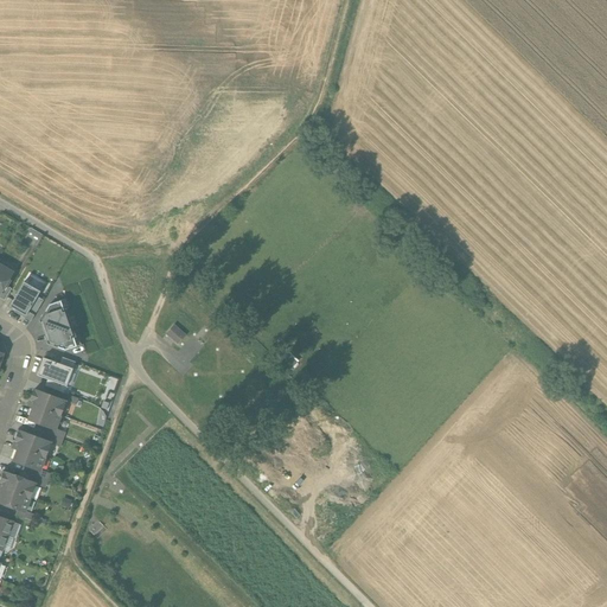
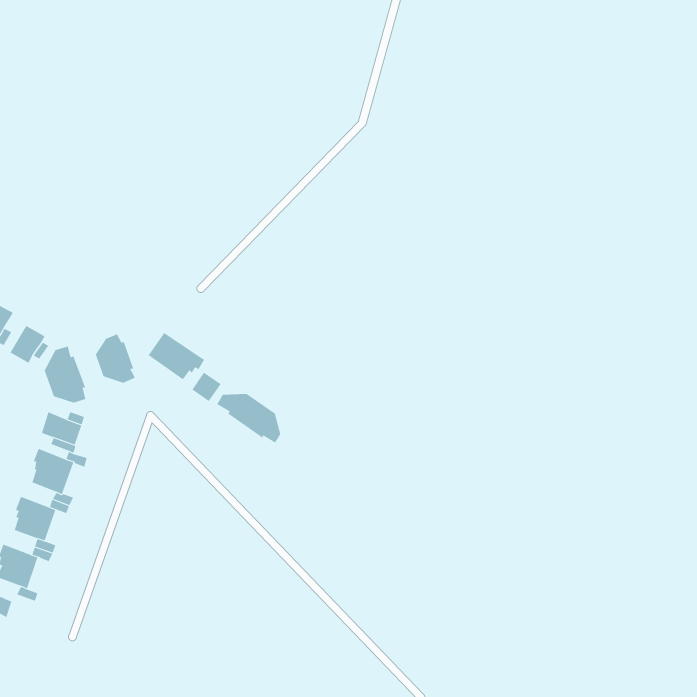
building: none -> [148,332,205,380]
building: none -> [95,334,136,384]
building: none -> [217,393,281,443]

